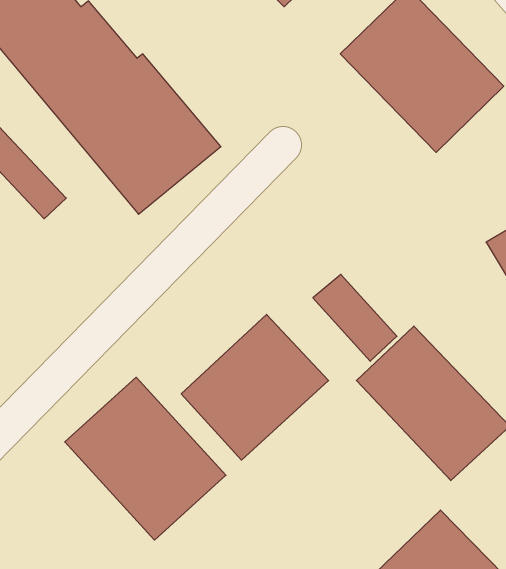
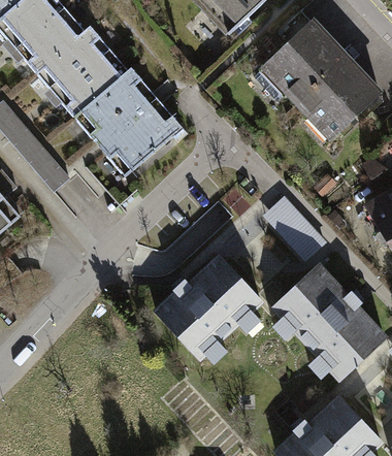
building: [313,274,397,361] -> [264,198,323,259]
building: [65,377,226,540] -> none

